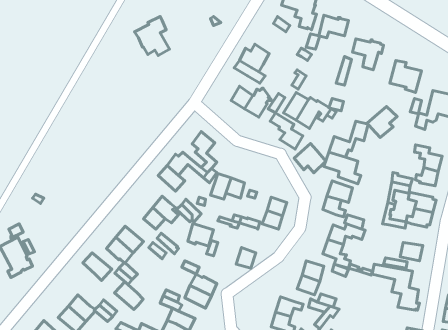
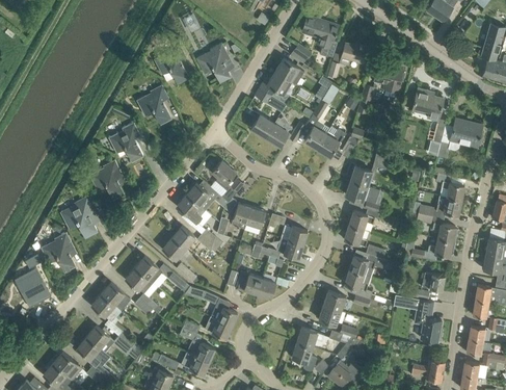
building: none -> [196,43,231,82]
building: none -> [275,58,304,84]
building: none -> [137,85,171,124]
building: none -> [108,123,143,161]
building: [367,106,397,138] -> none
building: [270,113,303,149] -> none
building: none -> [89,160,125,199]
building: [294,144,326,173] -> none
building: none -> [62,198,97,236]
building: none -> [41,232,76,271]
building: [188,224,214,246] -> [236,271,262,294]
building: [114,282,143,309] -> [91,293,121,321]

